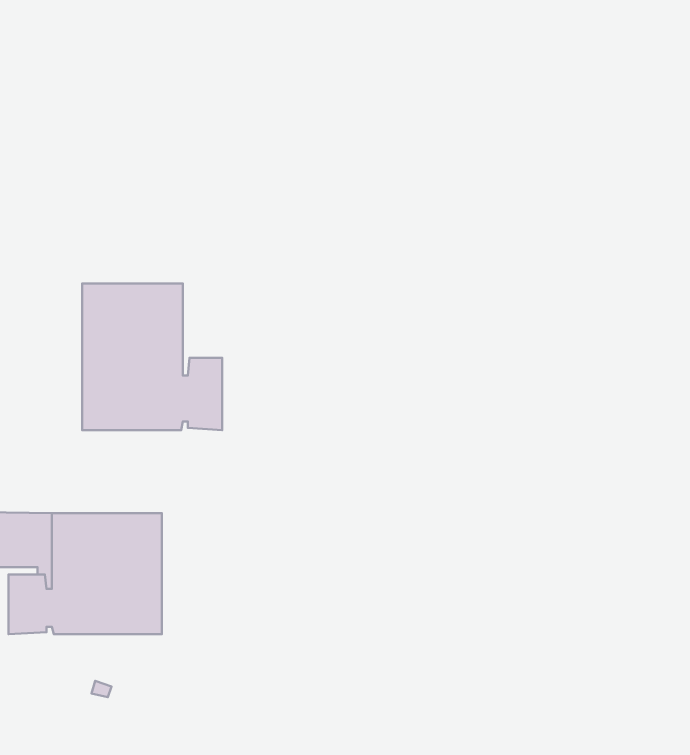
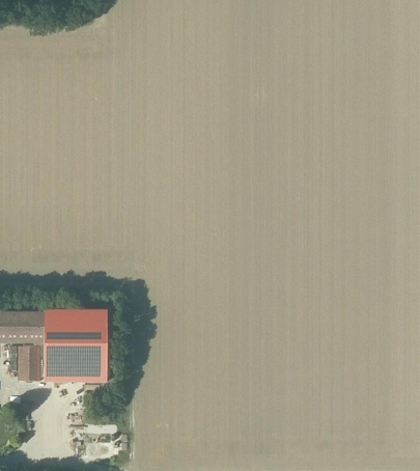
building: [82,284,222,430] -> none

